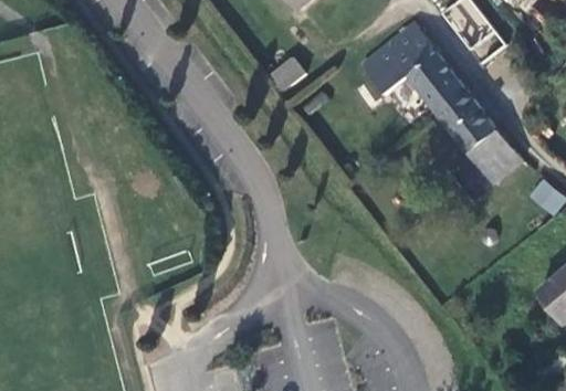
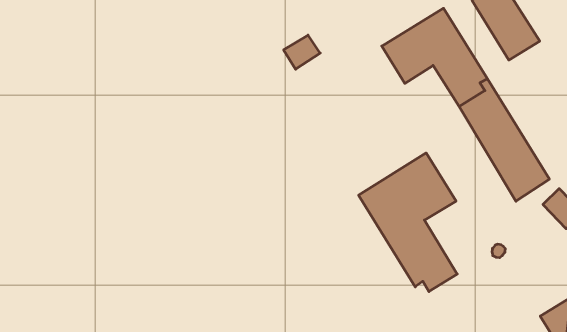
building: none -> [359,153,457,292]

